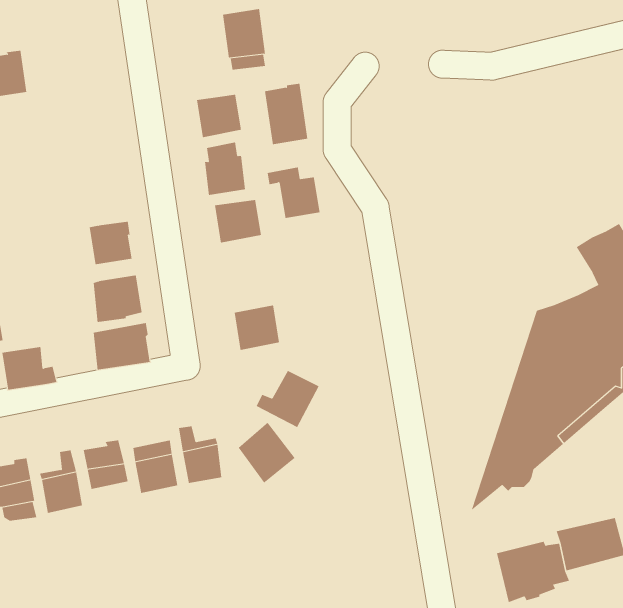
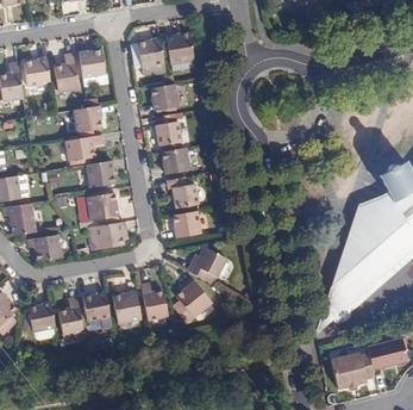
building: none -> [79,49,105,76]
building: none -> [55,51,77,91]
building: [264,83,308,145] -> [138,37,164,74]
building: none -> [74,105,101,131]
building: [267,167,320,218] -> [167,176,199,207]
building: none -> [68,133,104,160]

